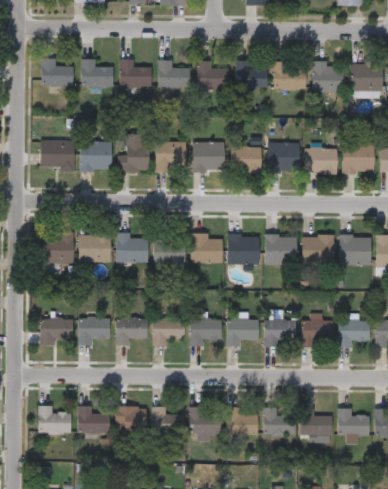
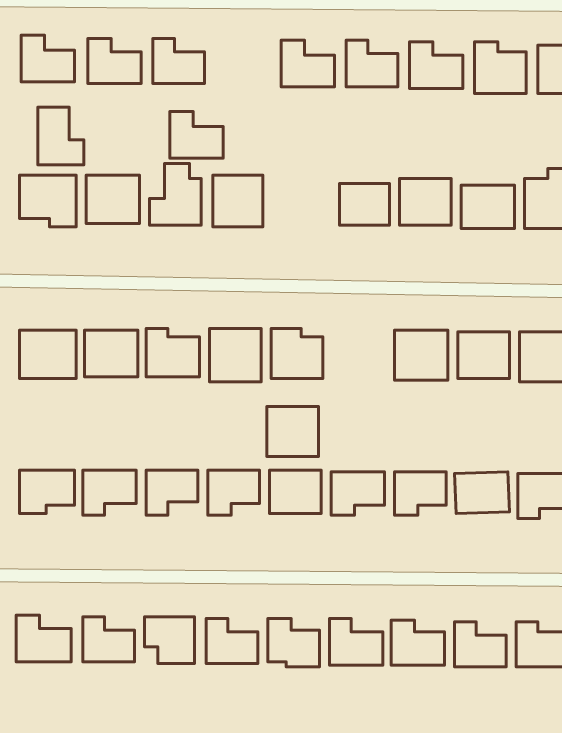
building: [158,59,190,87] -> [170,112,223,158]
building: none -> [38,107,84,165]
building: [193,141,225,171] -> none
building: [228,234,259,264] -> [267,406,319,456]

